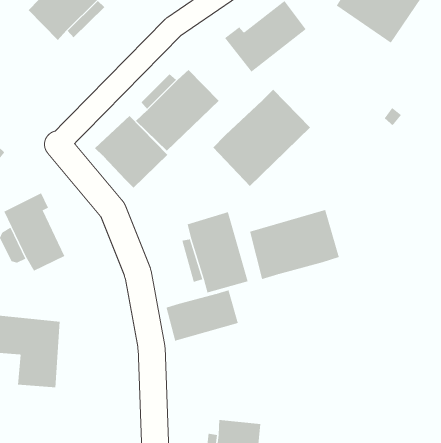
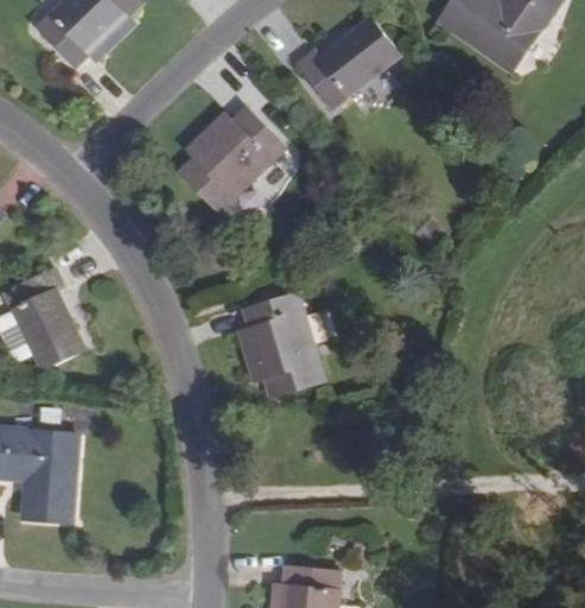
building: [213,89,311,187] -> none
building: [94,115,168,188] -> none
building: [249,209,339,280] -> none
building: [166,290,239,342] -> none

